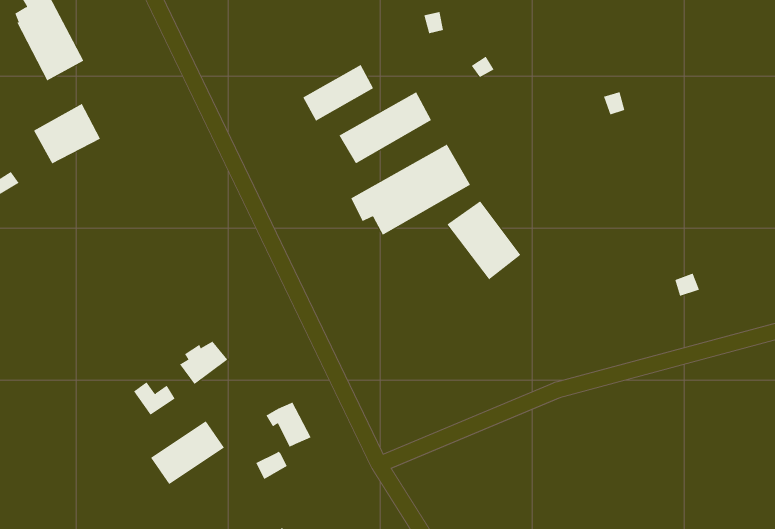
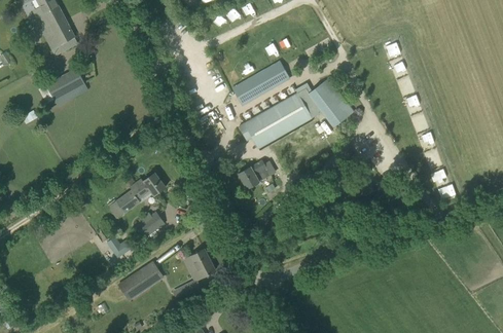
building: [303,64,374,121] -> none
building: [446,201,521,280] -> [309,78,354,126]
building: none -> [239,159,272,188]
building: none -> [110,172,167,218]

